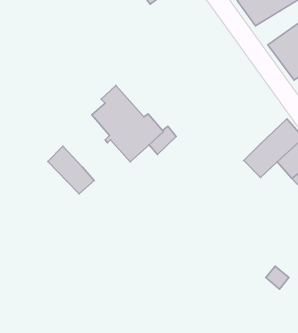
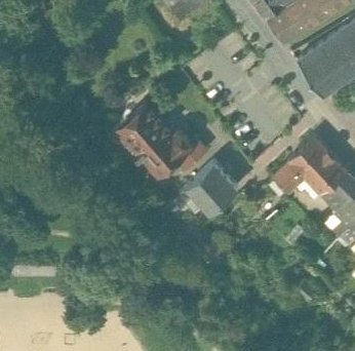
building: none -> [186,161,237,212]
building: [48,146,94,194] -> none

